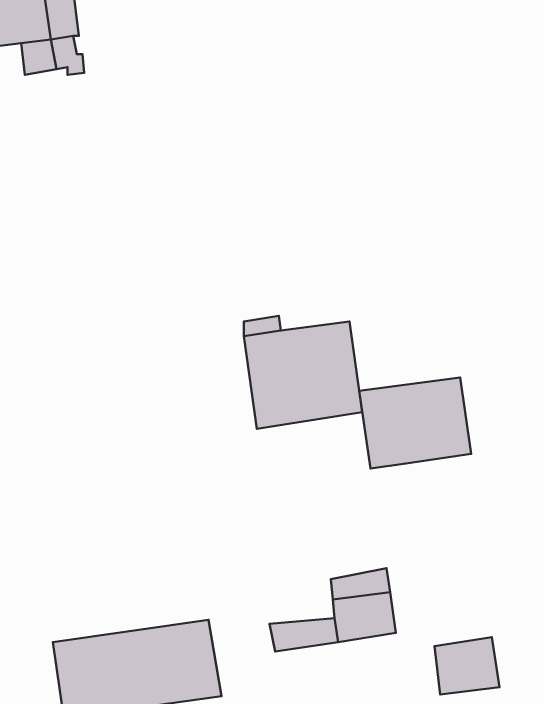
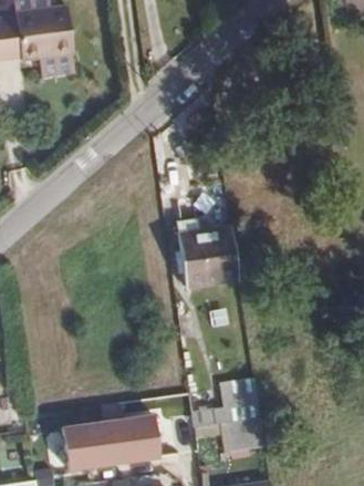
building: [359,378,471,468] -> none
building: [434,637,499,695] -> [231,409,270,443]

